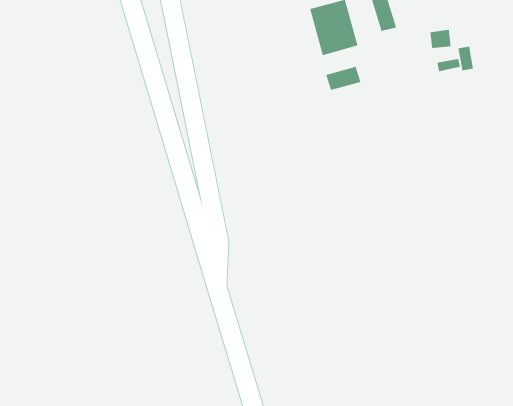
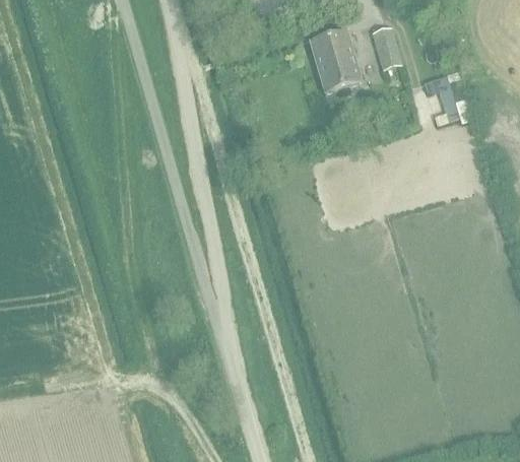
building: [325,66,361,91] -> none

